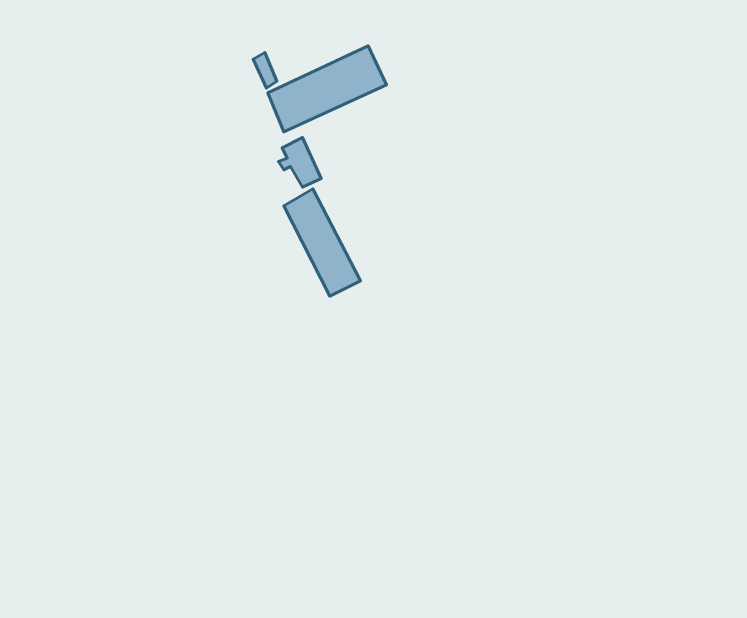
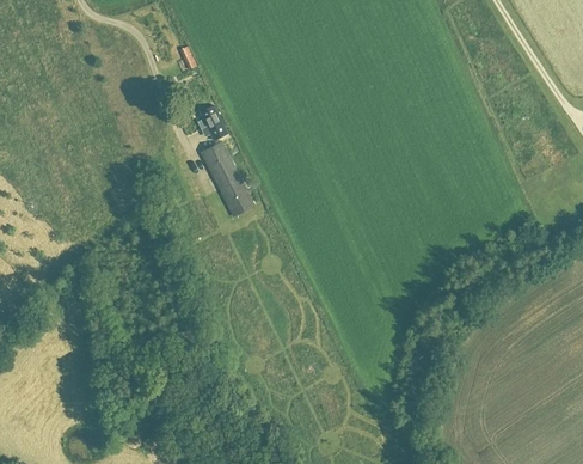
building: [268,46,387,132] -> none

